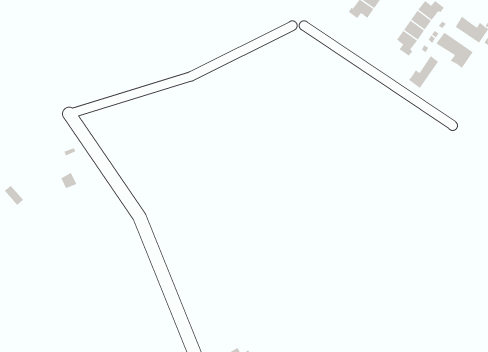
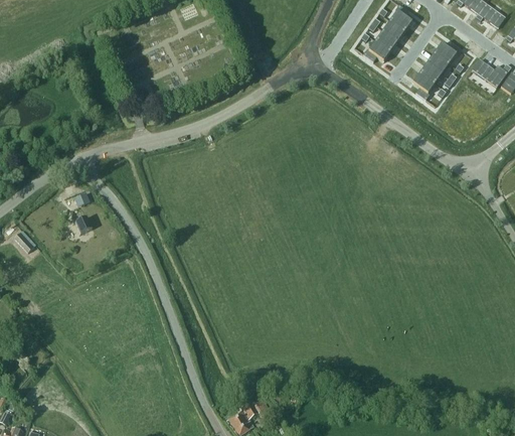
building: [436,32,474,69] -> none
building: [408,55,439,89] -> none

